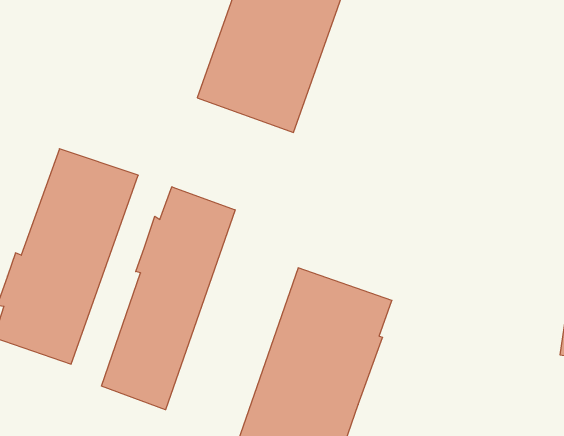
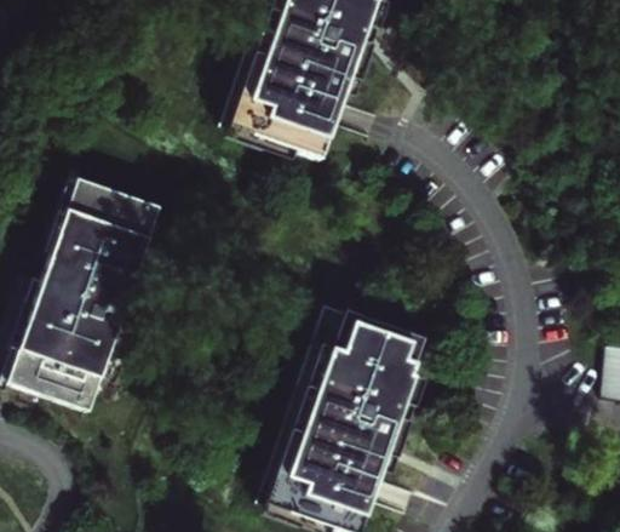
building: [102,187,235,410] -> none

